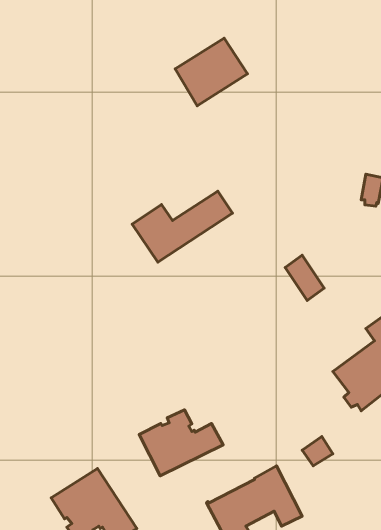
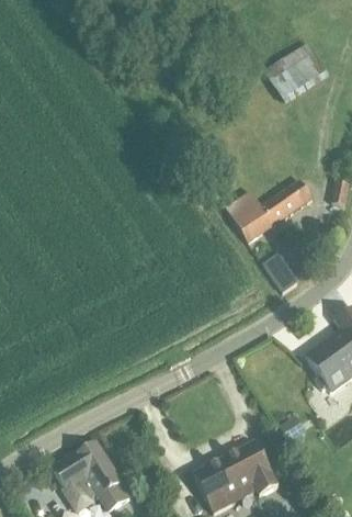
building: [175,38,247,106] -> [264,43,329,103]
building: [132,191,232,262] -> [225,179,315,243]
building: [139,410,223,476] -> none

